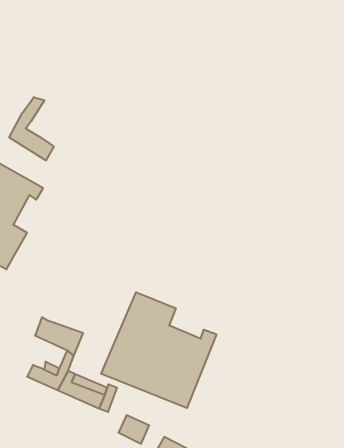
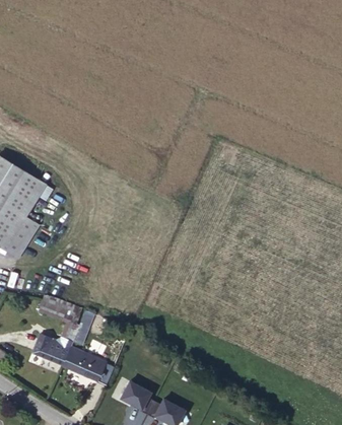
building: [9,97,54,160] -> none
building: [101,292,216,408] -> none

